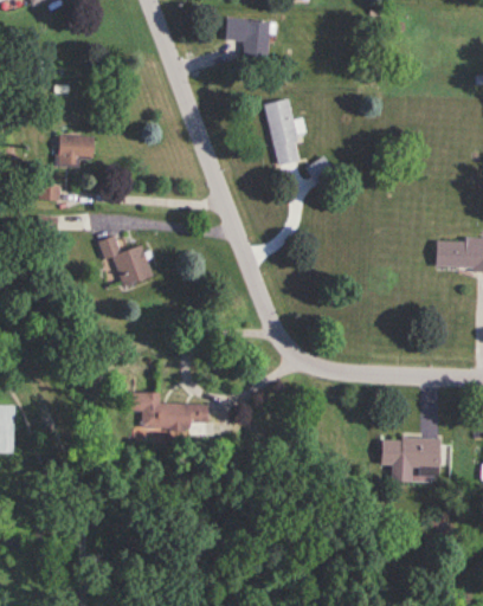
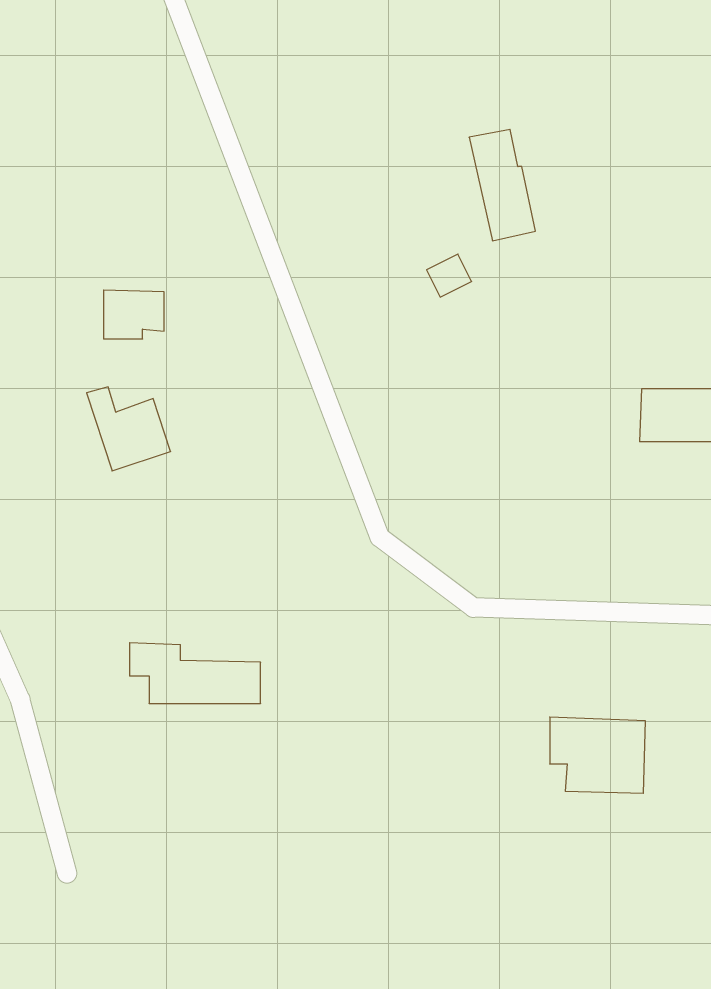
building: [225,18,270,54] -> none
building: [264,98,304,166] -> [469,129,535,241]
building: [57,134,94,163] -> [104,290,164,339]

